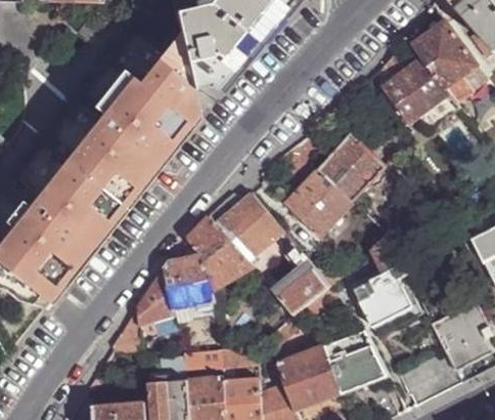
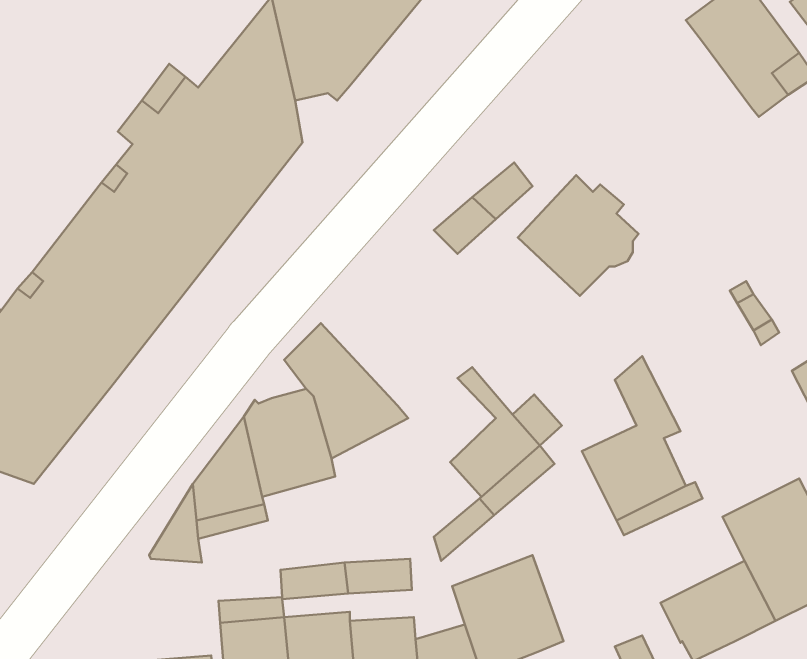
building: [372,49,448,124] -> none
building: [284,168,352,239] -> none
building: [207,192,283,262] -> none
building: [325,332,388,394] -> none

